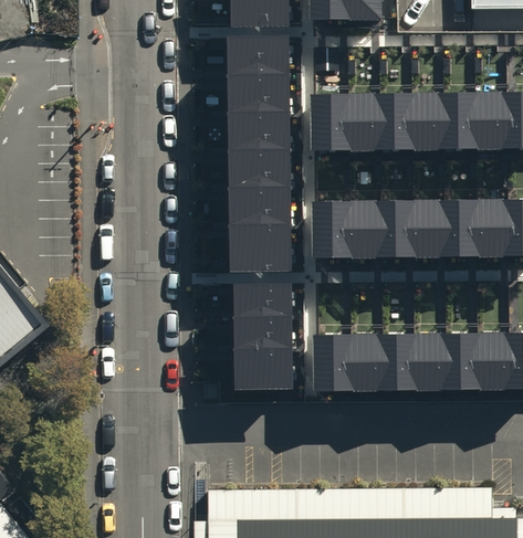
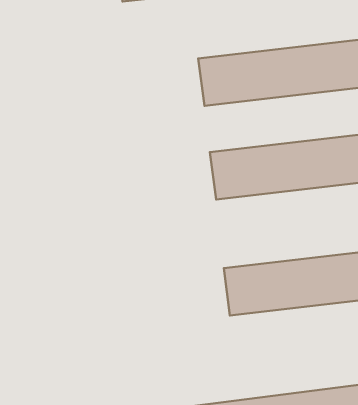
building: [231,42,291,266] -> none
building: [234,287,293,391] -> none

